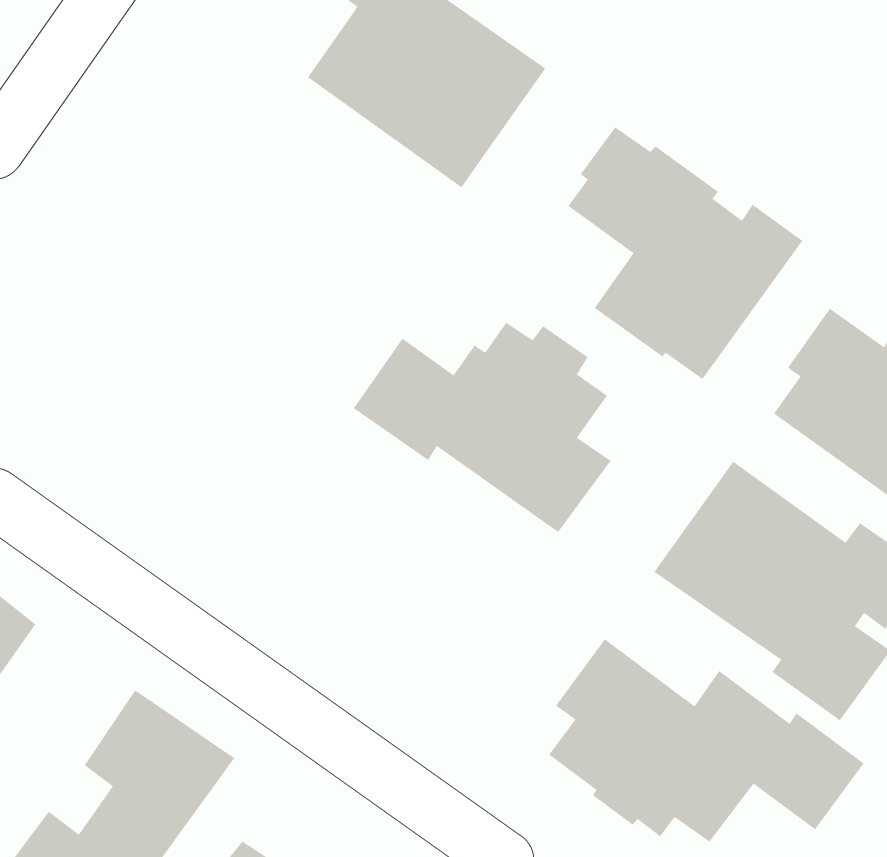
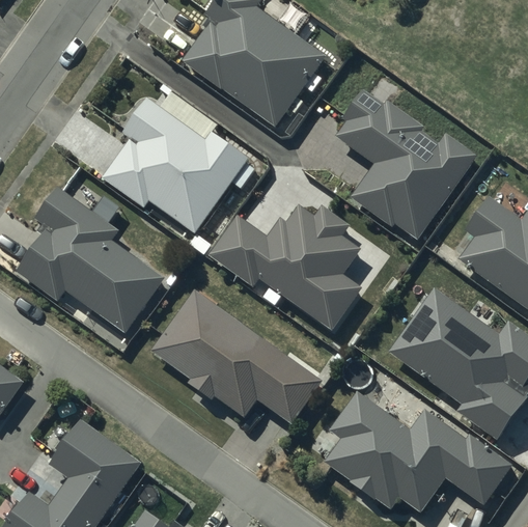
building: none -> [102,91,253,233]
building: none -> [17,187,163,332]
building: none -> [150,289,322,422]

